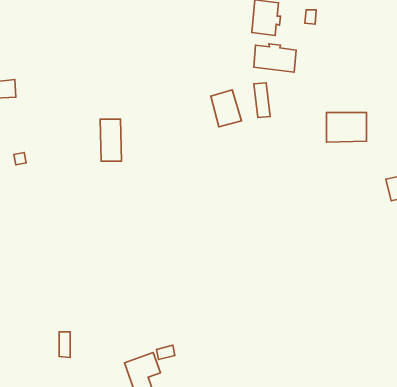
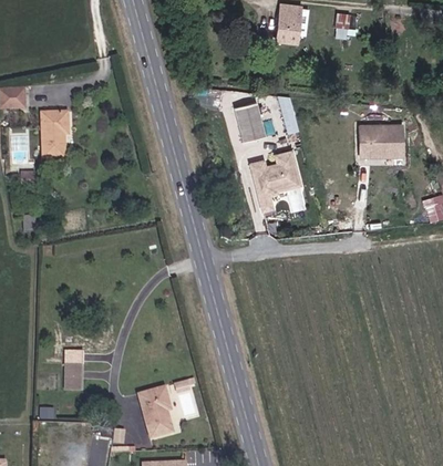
building: [254,44,296,72] -> none
building: [100,119,122,161] -> [43,116,66,162]
building: none -> [248,151,302,211]

